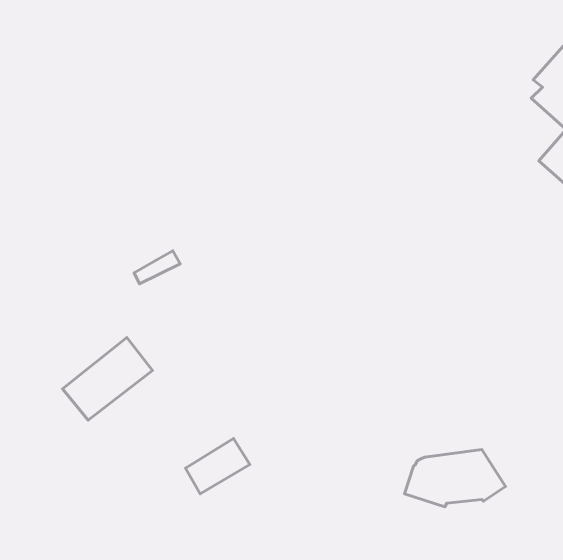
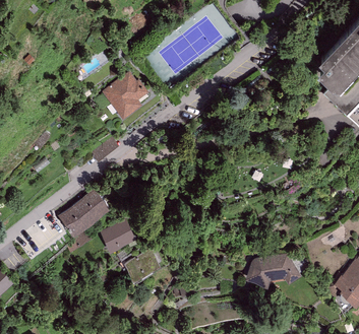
building: none -> [101,71,147,119]
building: none -> [99,217,135,251]

